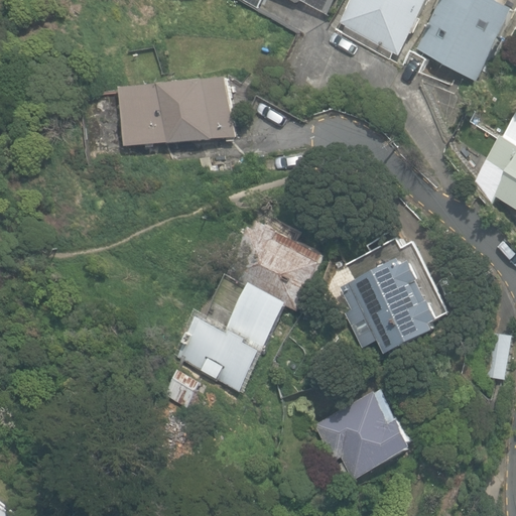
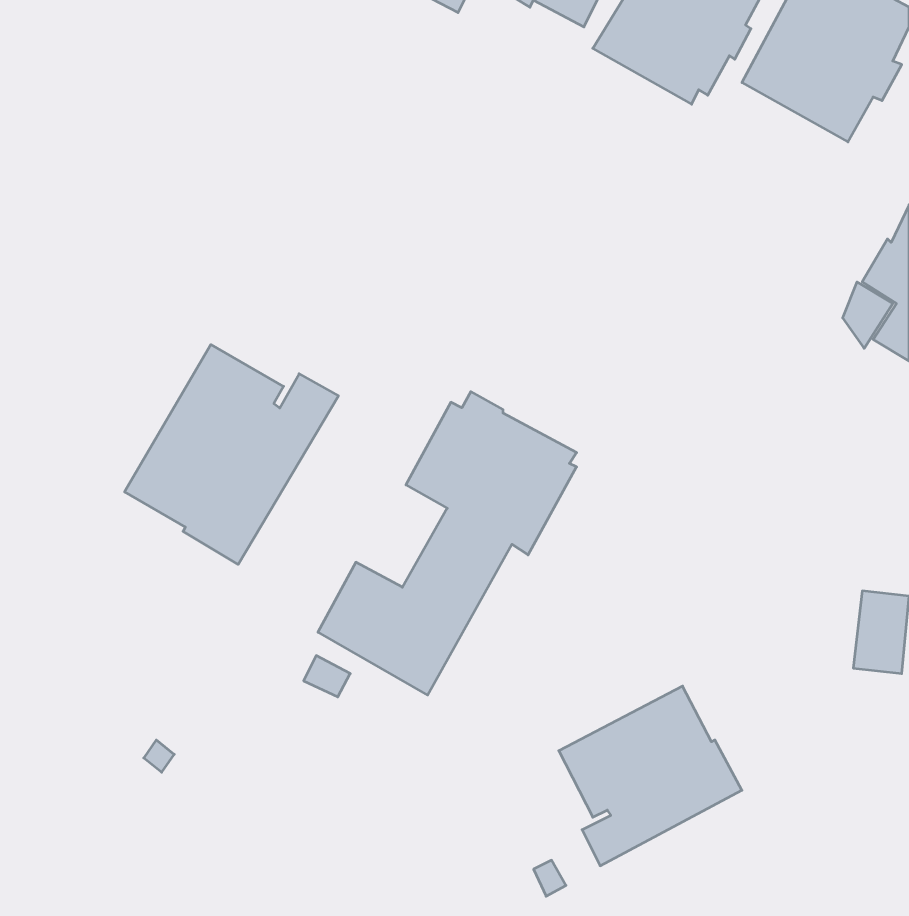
building: [118,76,235,146] -> none
building: none -> [125,345,338,564]
building: [340,236,449,352] -> none

